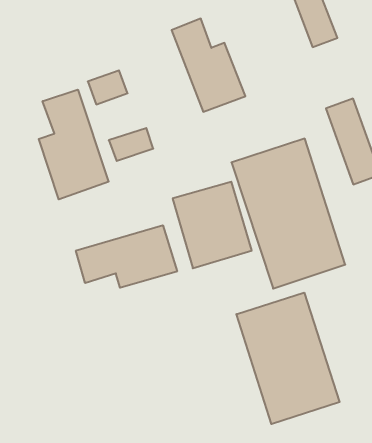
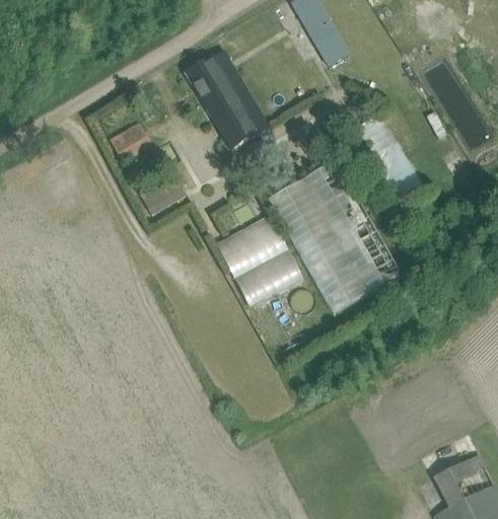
building: [39,90,109,199] -> none
building: [76,225,177,288] -> none
building: [236,293,340,424] -> none

